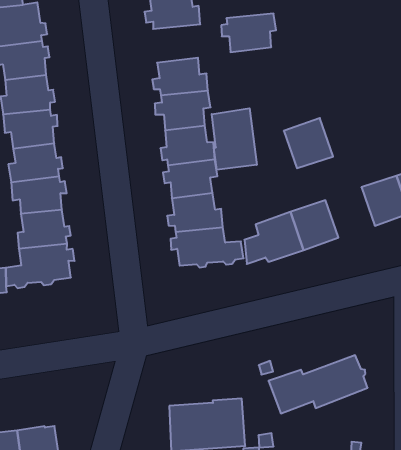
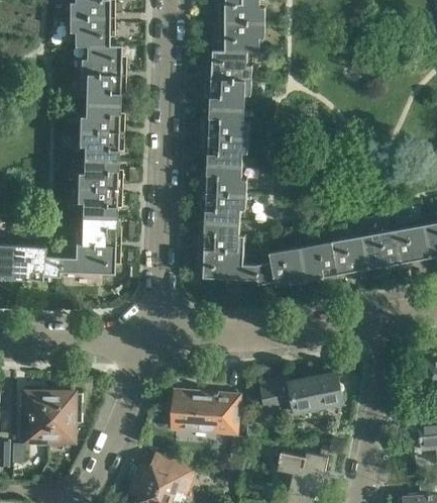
building: [221,14,276,52] -> [205,80,250,109]
building: [212,108,257,170] -> none
building: [284,118,333,168] -> [331,236,368,275]

